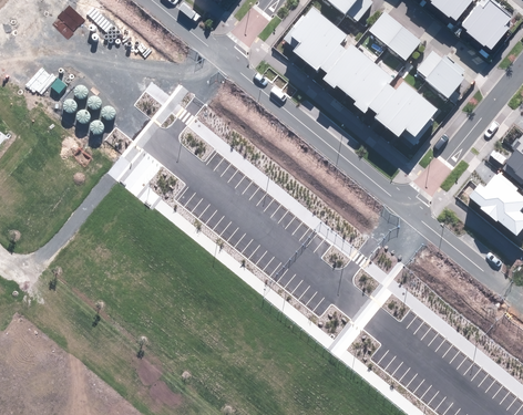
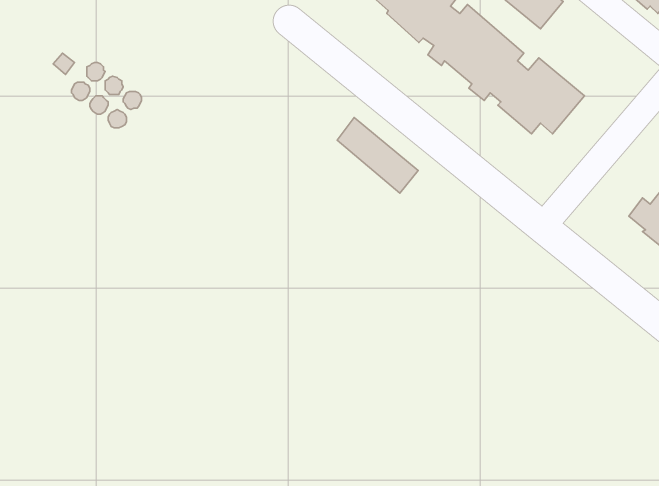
building: [416,51,465,98] -> none
building: none -> [337,117,418,193]

